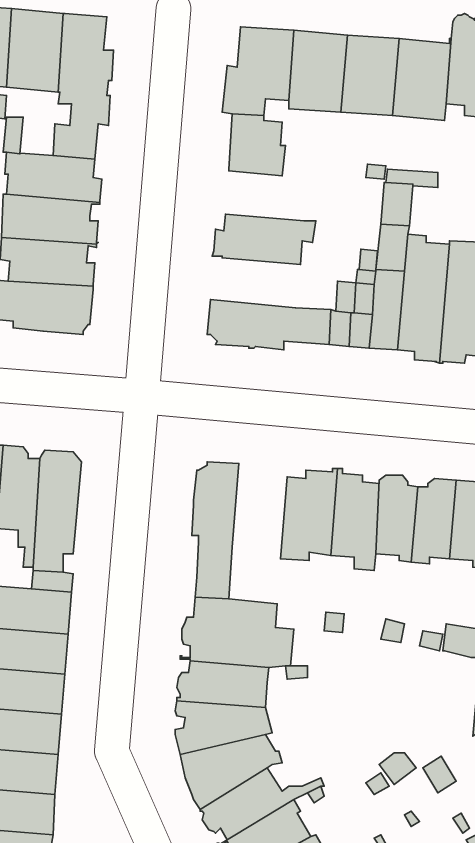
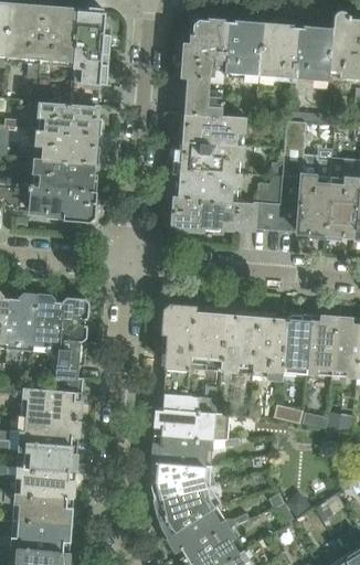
building: none -> [177,114,245,147]
building: none -> [172,171,240,204]
building: none -> [188,305,224,370]

